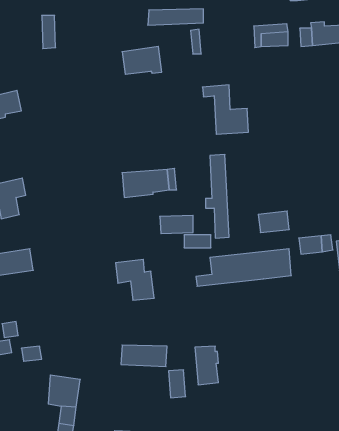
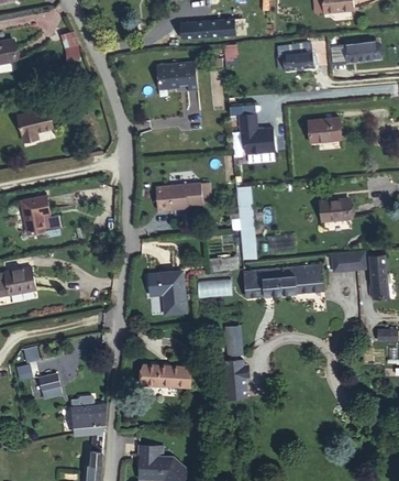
building: none -> [303,119,336,143]
building: [258,211,289,233] -> [314,200,346,222]
building: [160,215,193,234] -> [200,276,234,295]
building: [169,370,186,398] -> [228,335,245,363]

